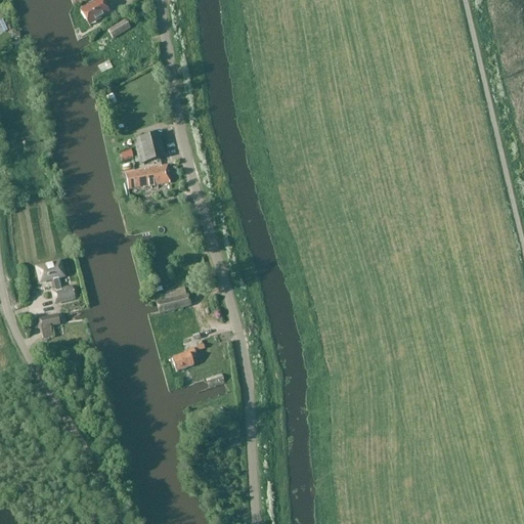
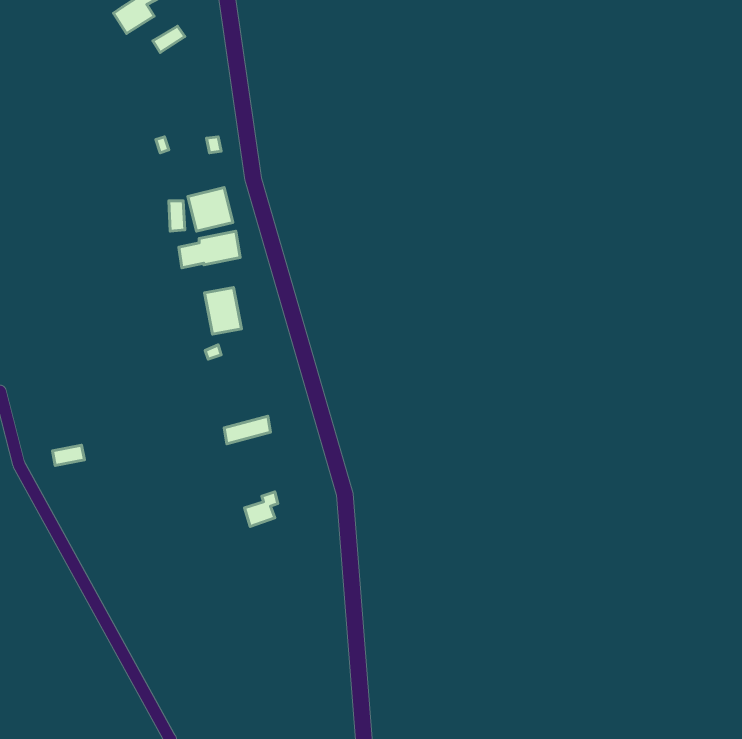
building: none -> [204,287,242,334]
building: [37,260,75,302] -> none

